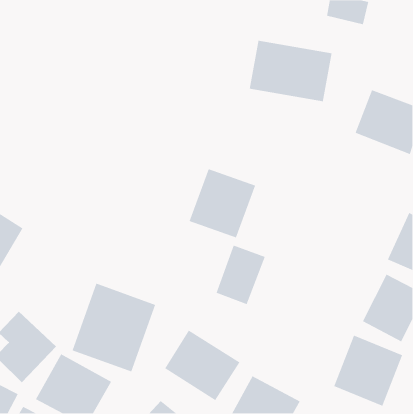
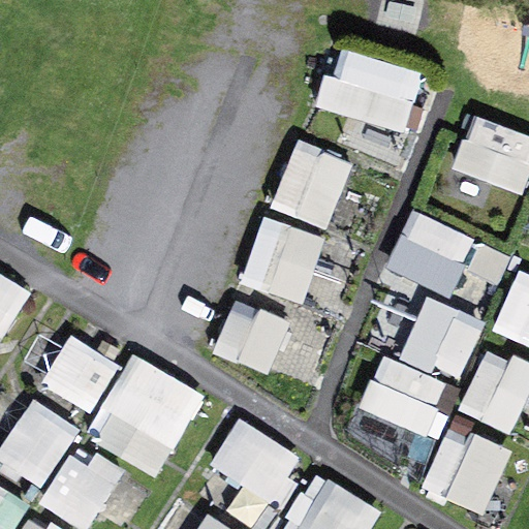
building: none -> [269,138,355,231]
building: none -> [385,209,477,298]
building: none -> [400,298,484,380]
building: none -> [212,299,288,377]
building: none -> [40,336,119,414]
building: none -> [360,355,448,437]

